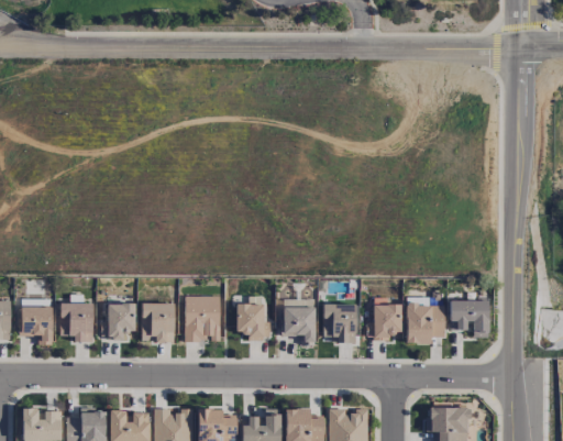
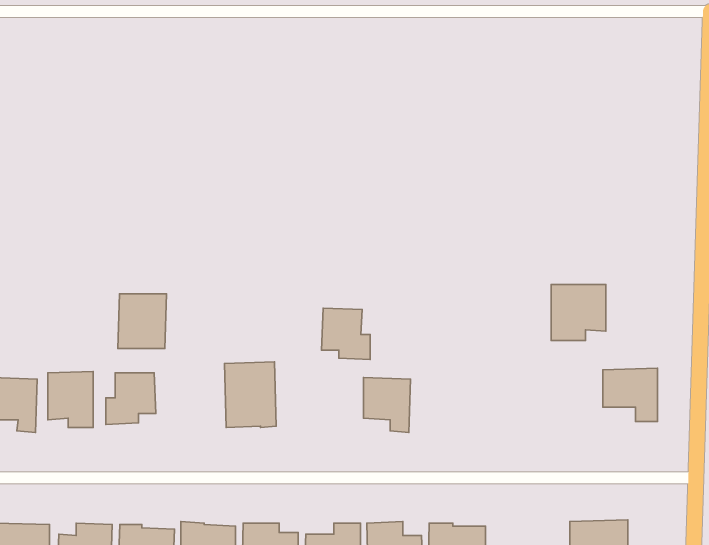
building: [141,304,175,342] -> [118,294,166,349]
building: [236,304,271,340] -> [322,308,370,360]
building: [323,304,356,343] -> none
building: [367,305,401,340] -> none
building: [407,305,445,344] -> [551,284,606,341]

